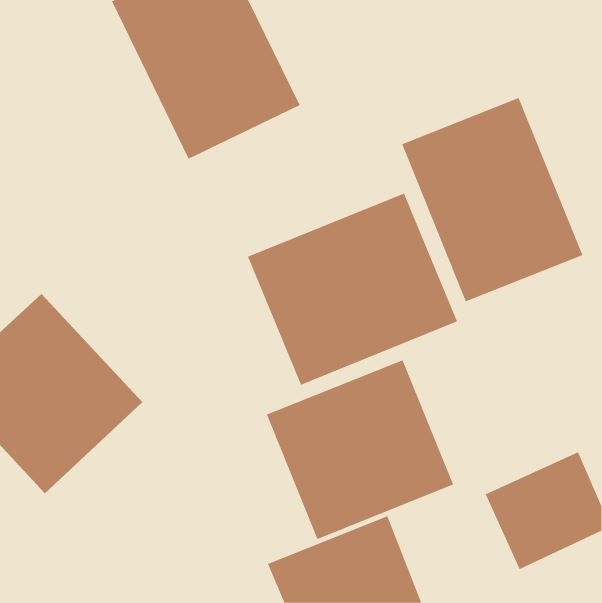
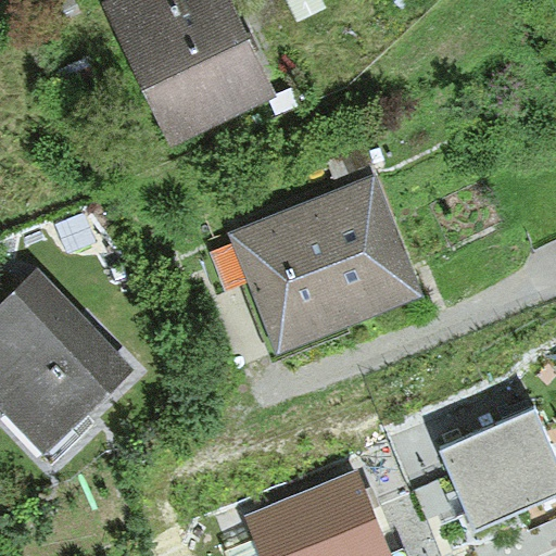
building: [401,97,583,302] -> none
building: [266,359,454,540] -> none

